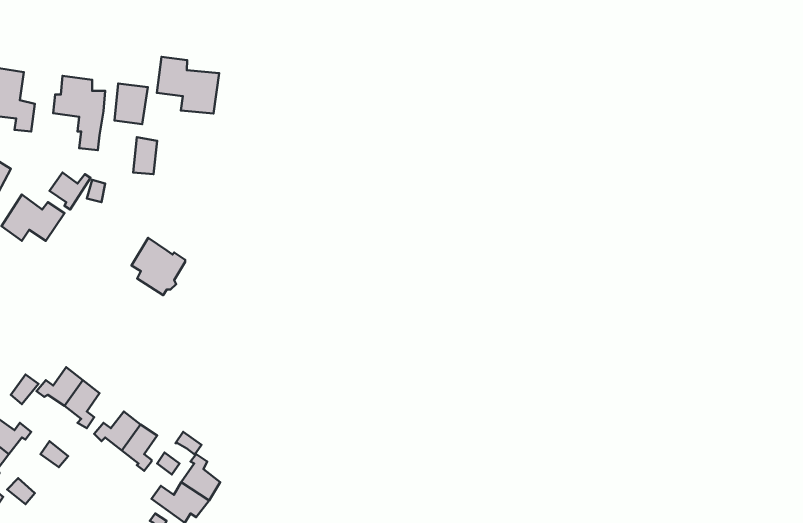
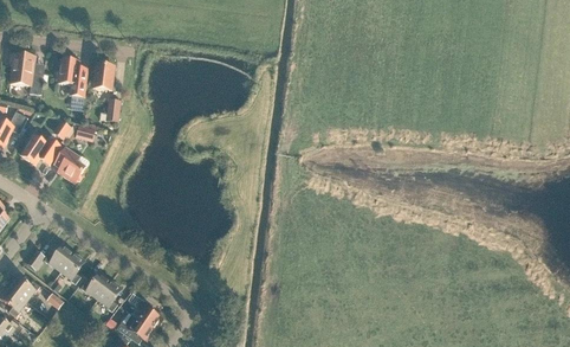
building: [157,57,219,114] -> none
building: [132,238,185,295] -> [53,144,88,181]

